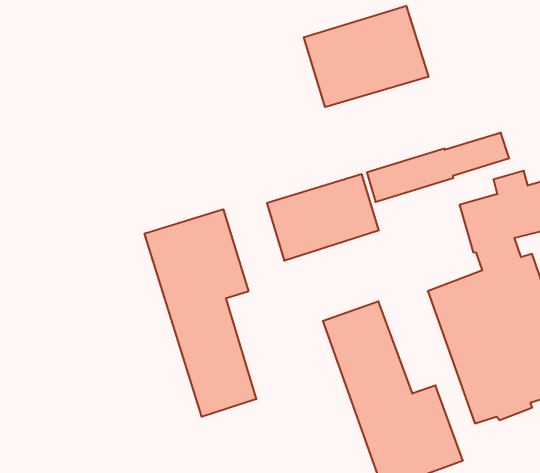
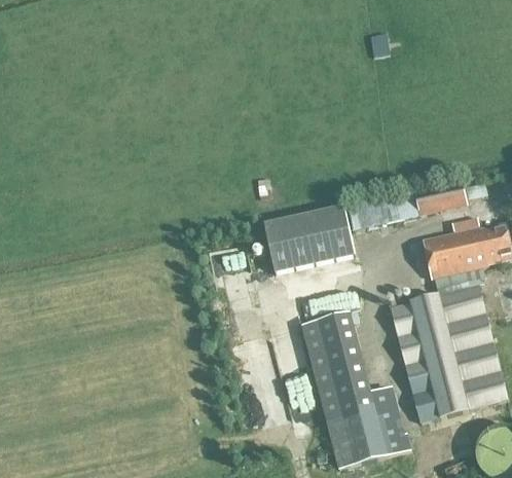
building: [304,6,428,107] -> none
building: [145,209,256,417] -> none

